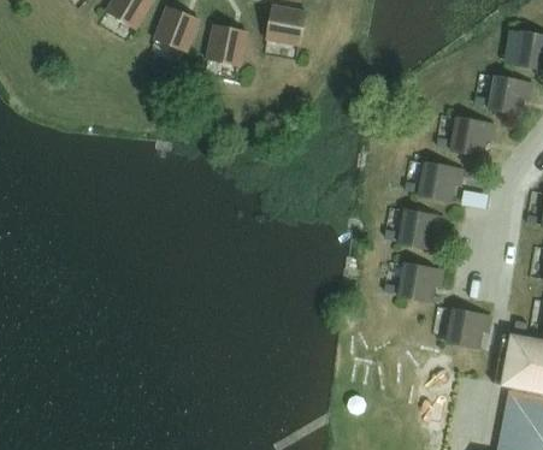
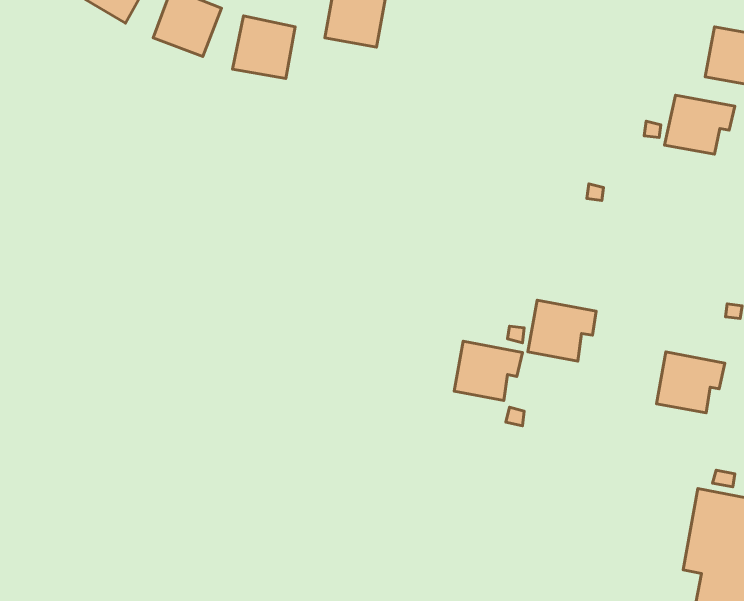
building: [449,117,494,156] -> none
building: [418,162,462,201] -> none
building: [397,264,442,302] -> [454,341,522,400]
building: [445,308,490,348] -> [656,352,725,413]

